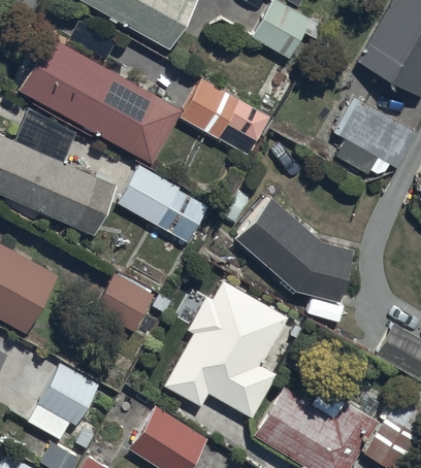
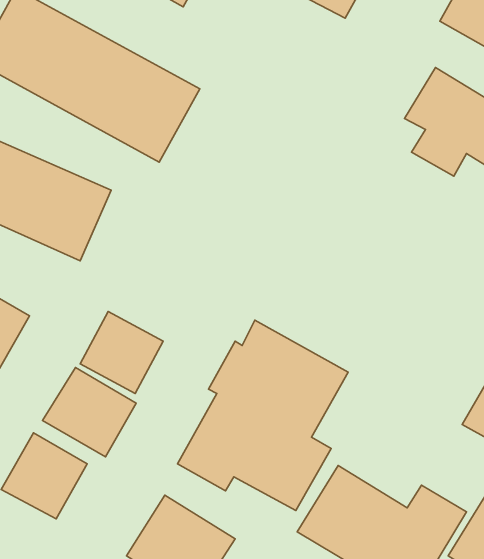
building: [181,79,270,156] -> none
building: [118,165,208,240] -> none
building: [234,197,355,303] -> none
building: none -> [43,367,136,457]

